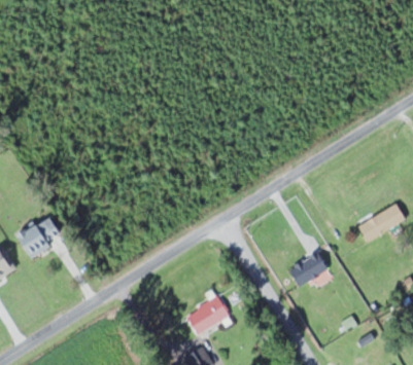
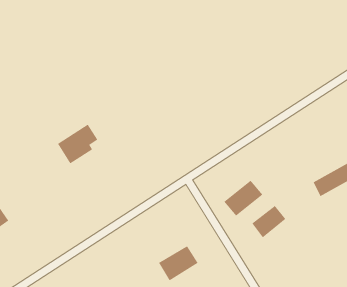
building: [15,214,62,259] -> [57,124,98,164]
building: none -> [223,180,263,216]

